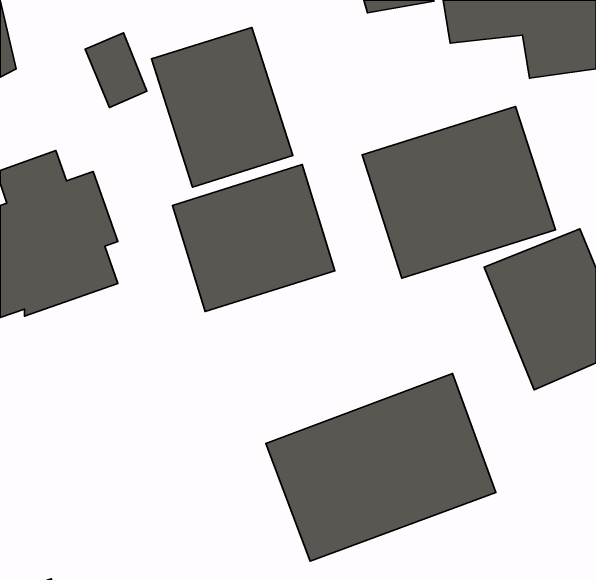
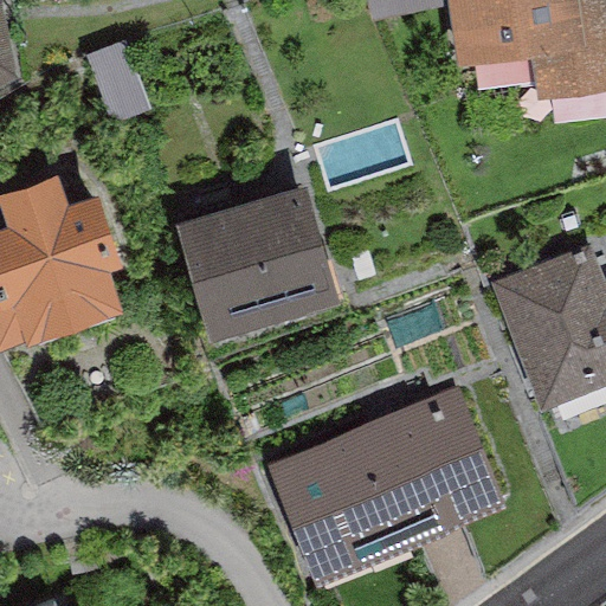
building: [152,27,293,187] -> none
building: [362,106,555,278] -> none

